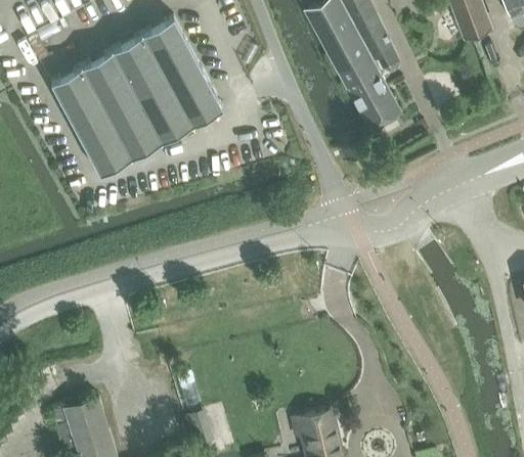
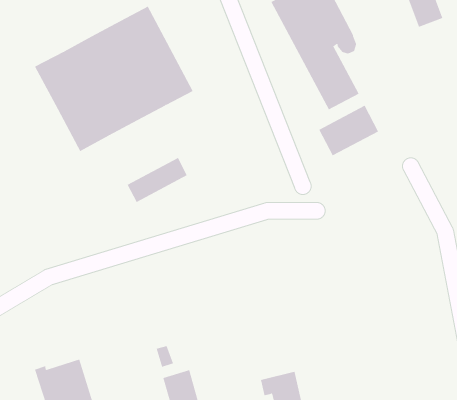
building: none -> [319,105,379,156]
building: none -> [127,157,187,203]

